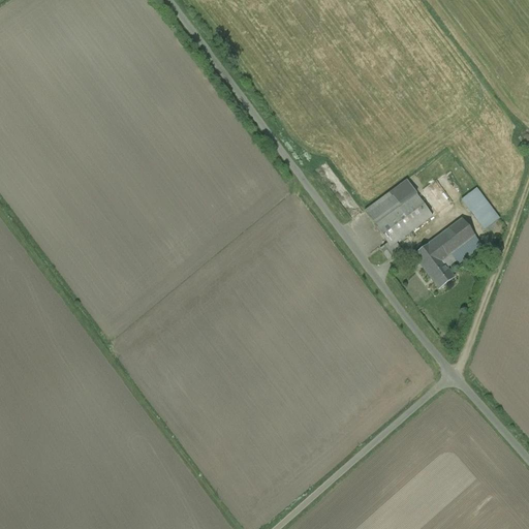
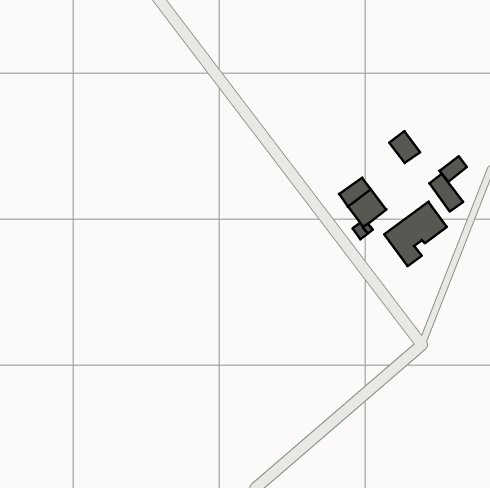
building: none -> [439,156,467,182]
building: [400,191,433,225] -> [389,131,420,163]

